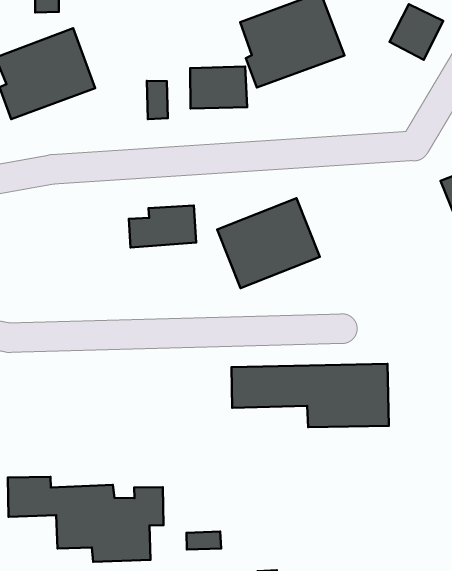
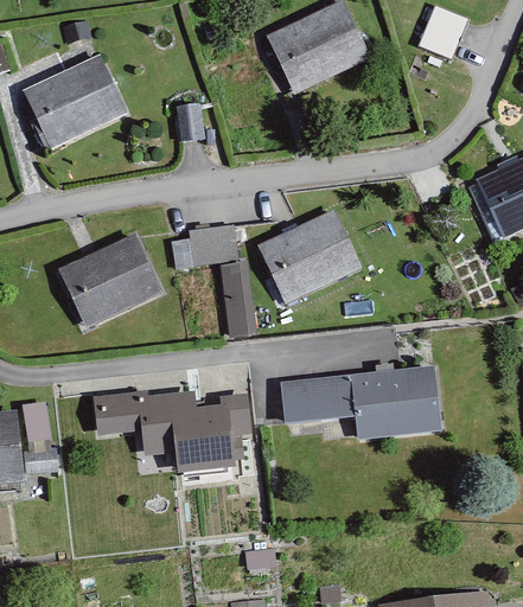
building: [190,66,247,109] -> none
building: none -> [57,236,160,327]
building: none -> [219,262,256,337]
building: [8,477,164,562] -> [93,390,251,472]

